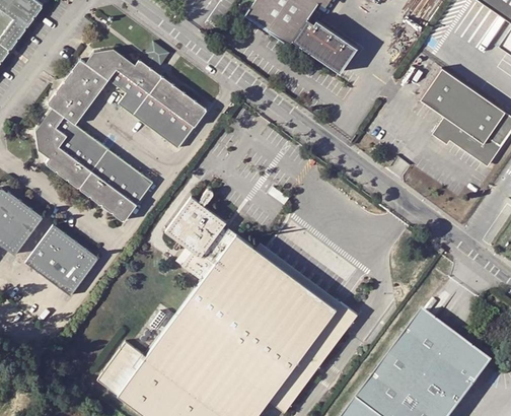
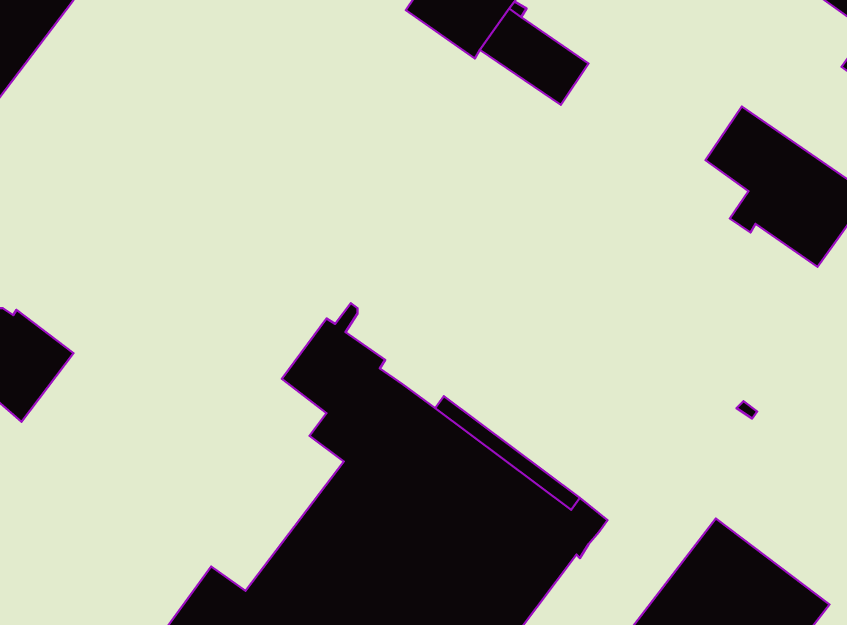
building: [38,48,208,223] -> none
building: [27,224,101,297] -> none

